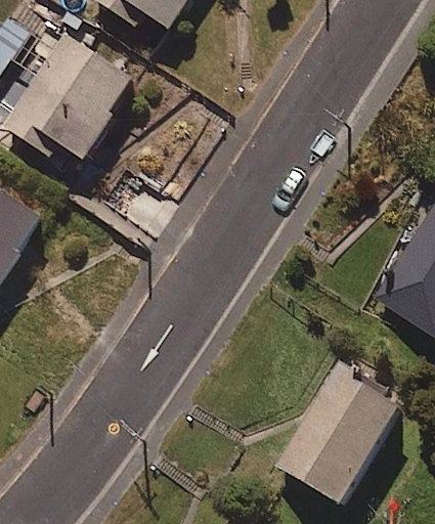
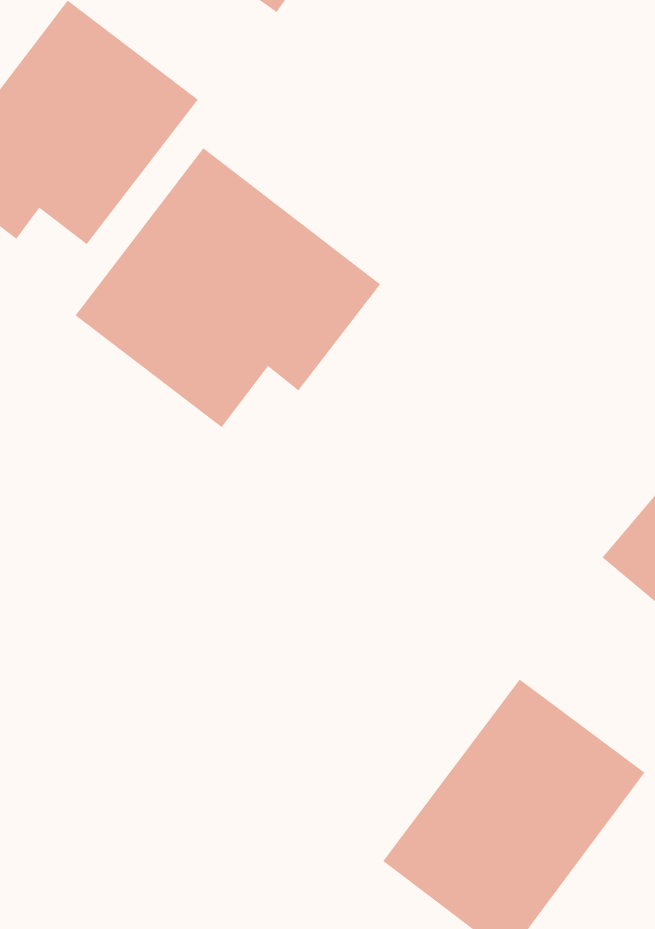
building: none -> [74,147,381,428]

